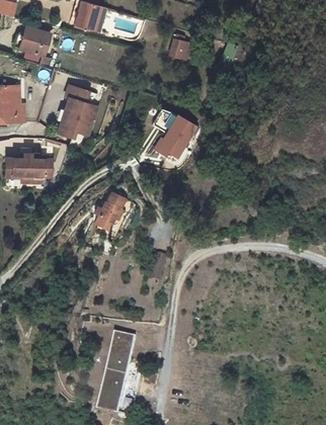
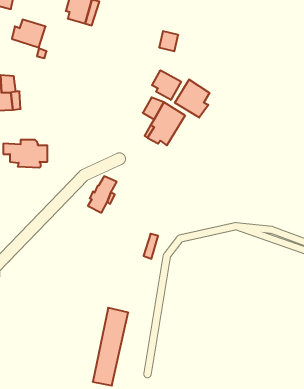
building: none -> [152,70,181,100]
building: [57,87,98,140] -> none
building: none -> [175,79,209,118]

